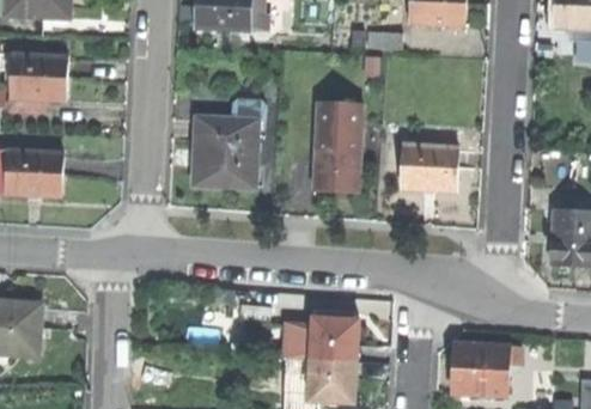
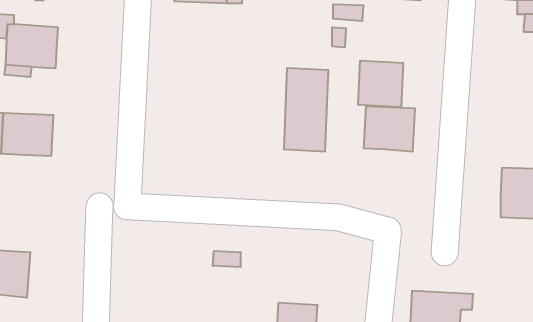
building: none -> [358,61,403,107]
building: [194,118,258,188] -> none
building: [299,309,354,360] -> none

